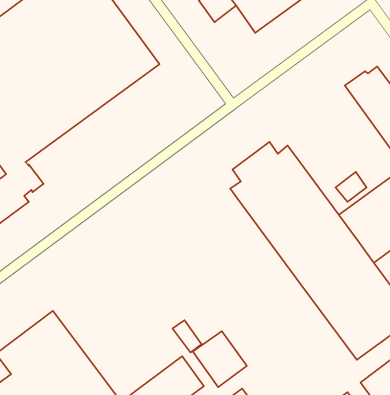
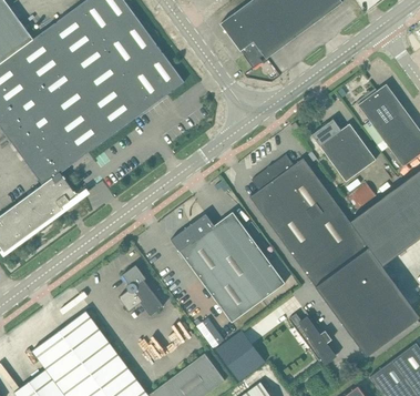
building: none -> [235,28,273,68]
building: none -> [311,120,376,182]
building: none -> [171,212,285,323]
building: none -> [119,265,163,315]
building: none -> [288,314,337,364]

